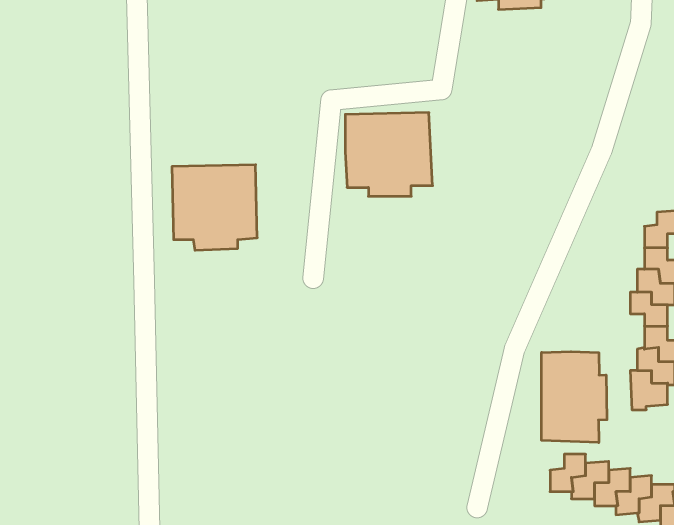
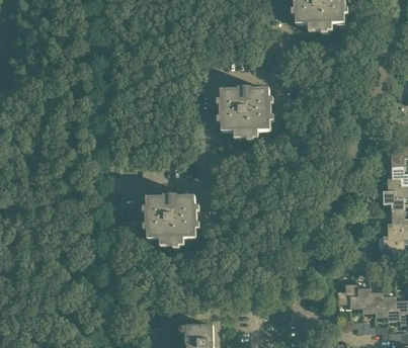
building: [172,165,257,250] -> [146,196,194,245]
building: [542,352,607,443] -> none

